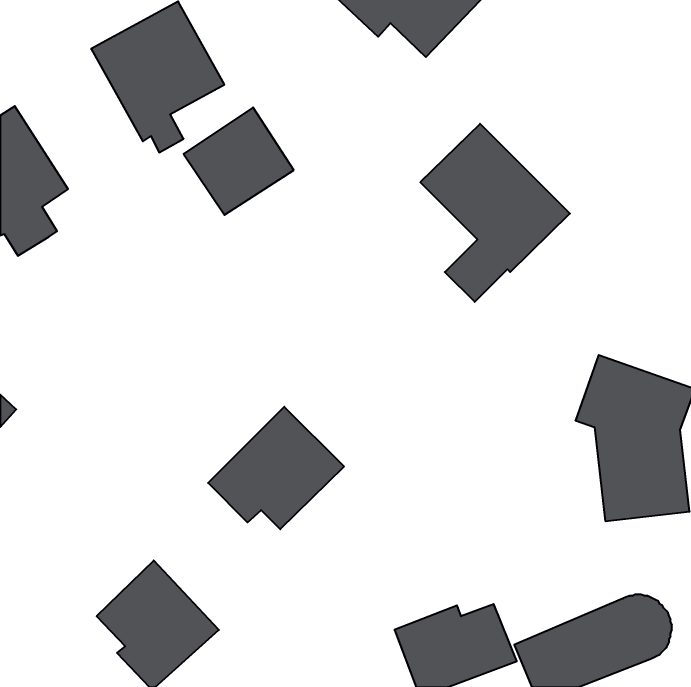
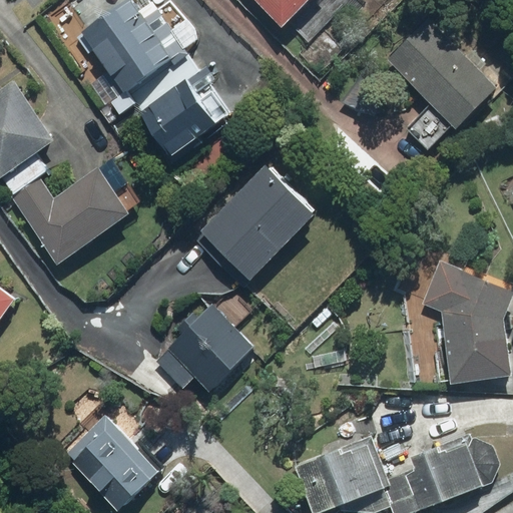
building: [420,124,570,302] -> [387,17,497,148]
building: none -> [8,156,129,267]
building: none -> [194,161,318,285]

